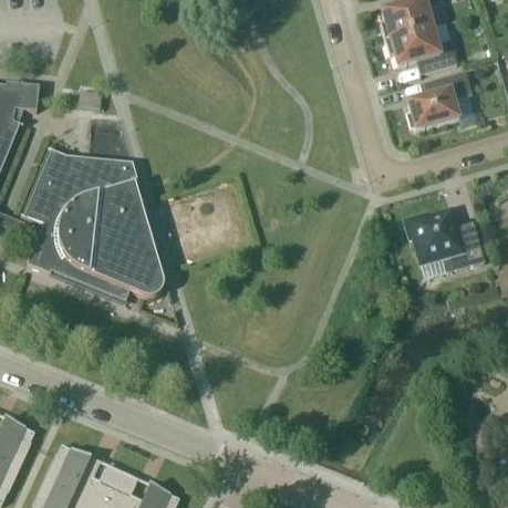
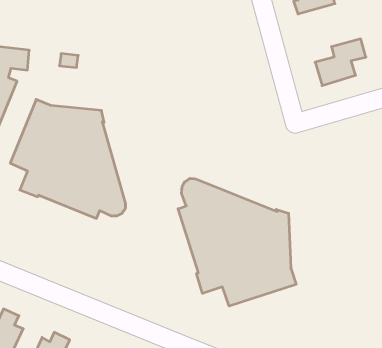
building: [384,24,457,71] -> none
building: [403,208,484,271] -> none
building: none -> [178,178,296,306]

